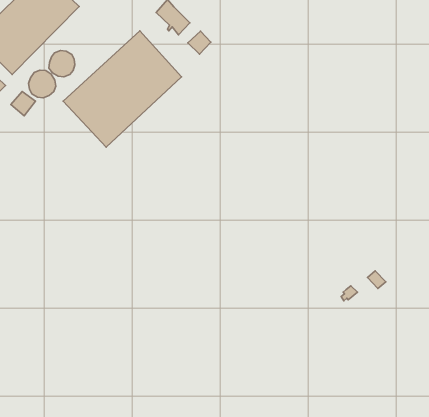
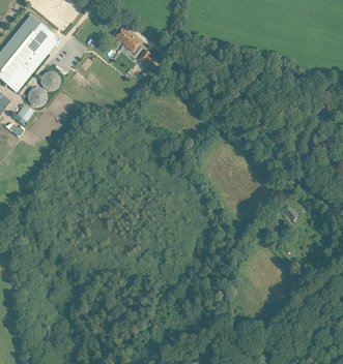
building: [63,31,181,147] -> none

